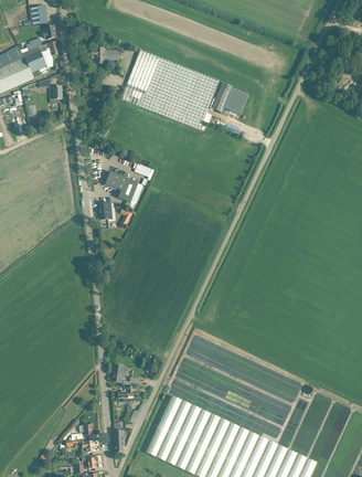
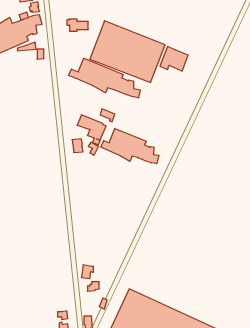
building: none -> [69,58,140,98]
building: none -> [101,128,159,164]

